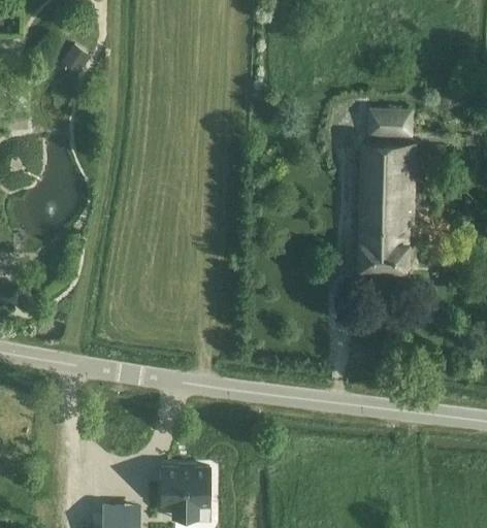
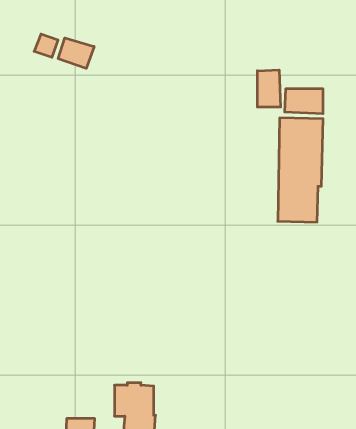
building: none -> [58,38,94,68]
building: none -> [257,70,281,107]

